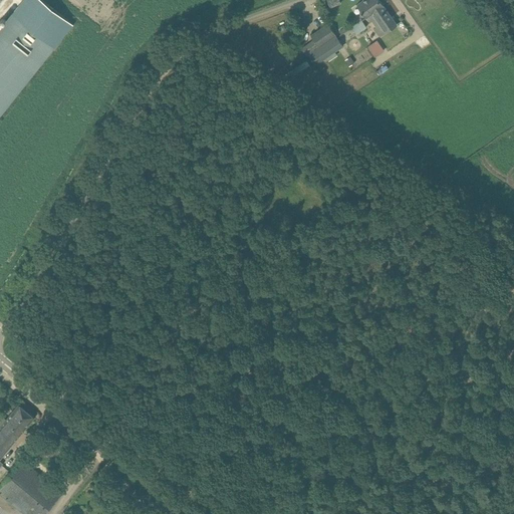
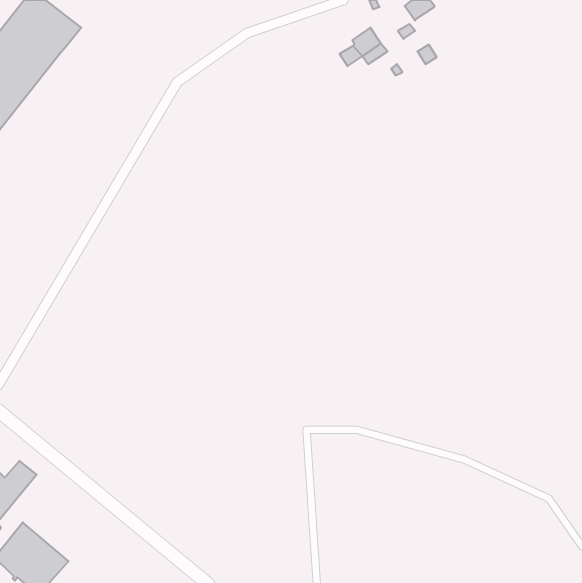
building: [364,7,395,37] -> none

